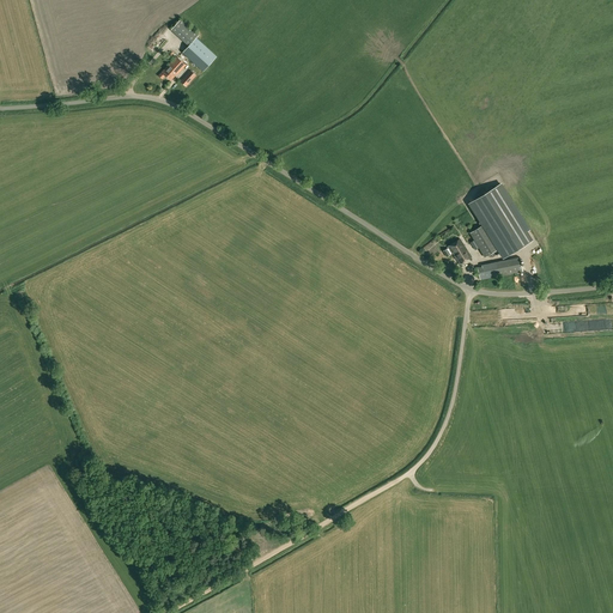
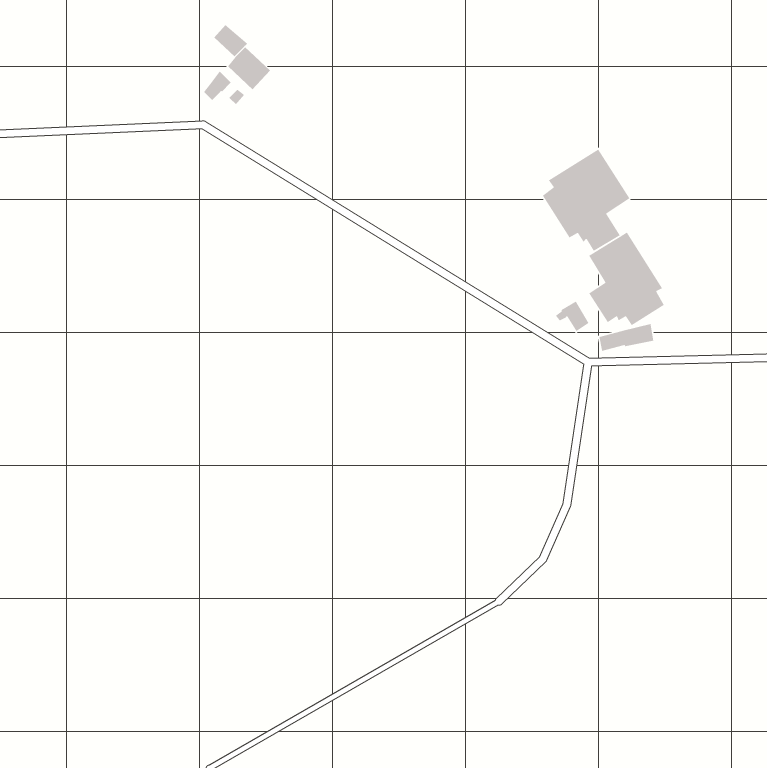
building: none -> [542,148,631,252]

